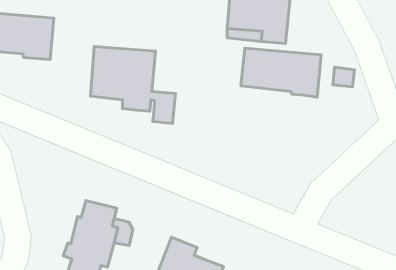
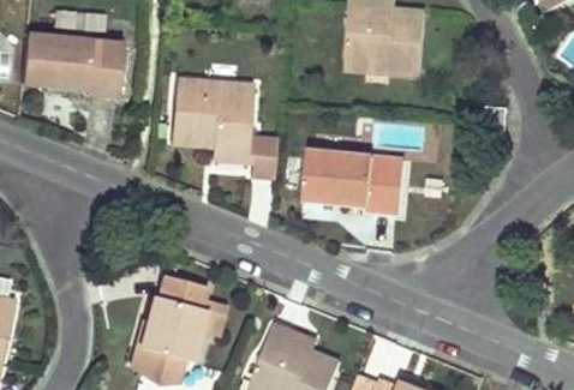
building: [241,48,321,97] -> [301,151,403,214]

